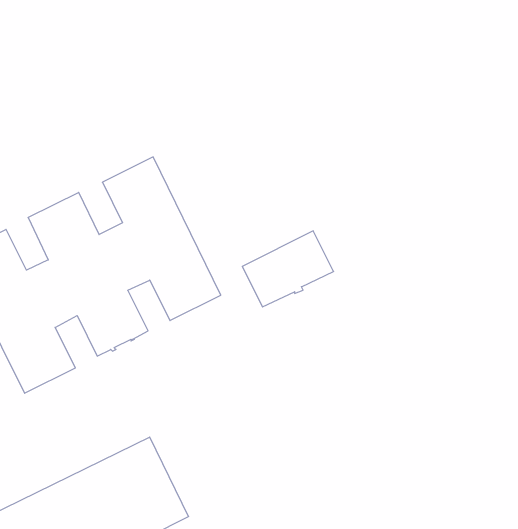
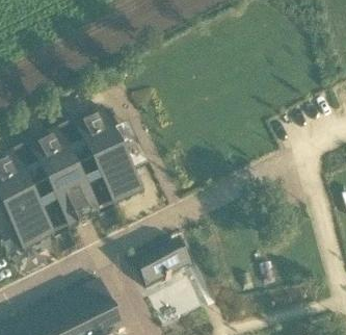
building: [242,231,334,307] -> [134,239,190,286]

